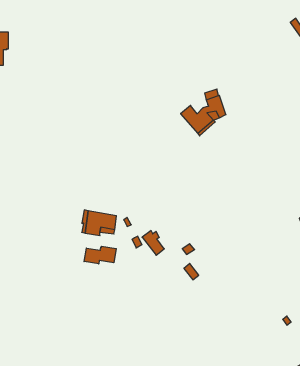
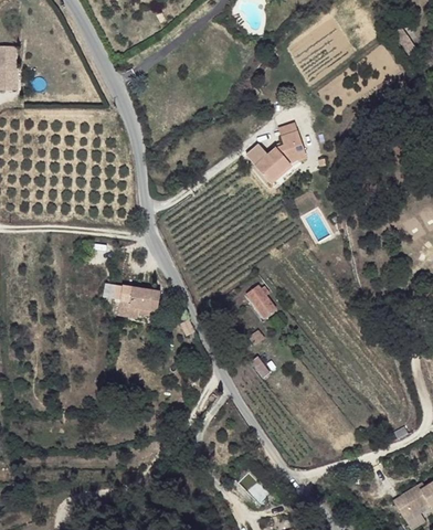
building: [142,231,164,255] -> [246,284,276,317]
building: [84,246,116,264] -> none

